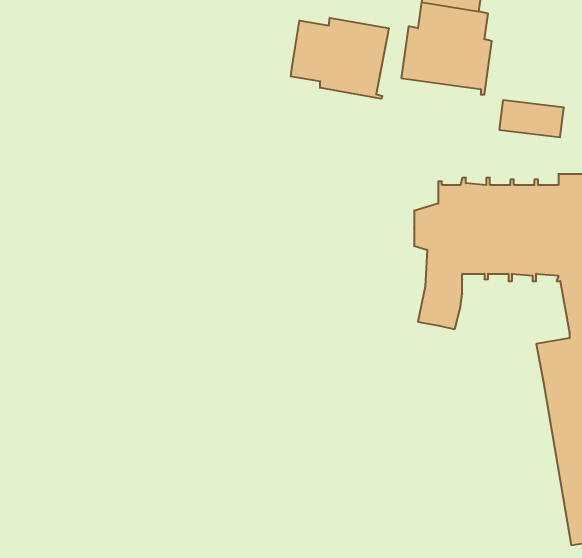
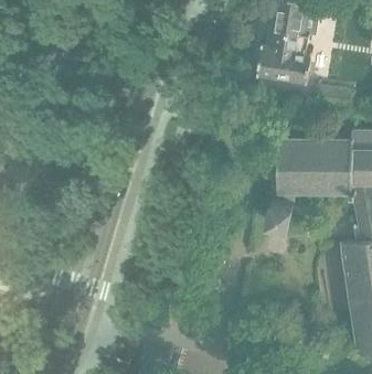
building: [291,18,389,99] -> none

